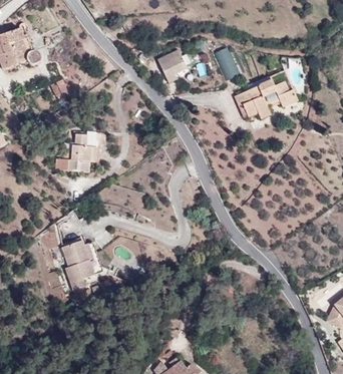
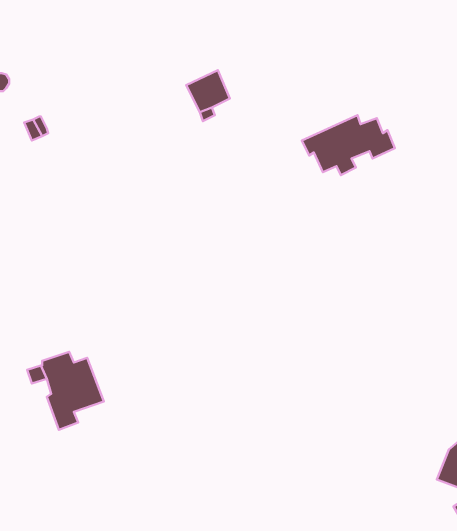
building: [215,46,240,78] -> none
building: [54,131,103,171] -> none

